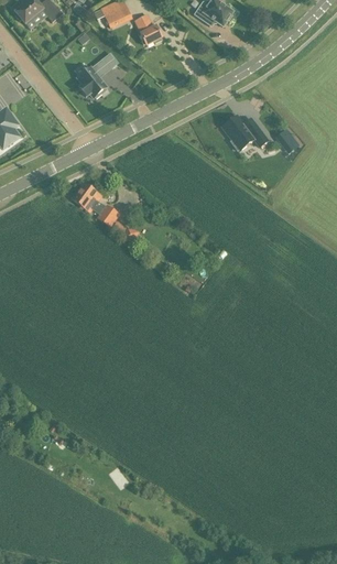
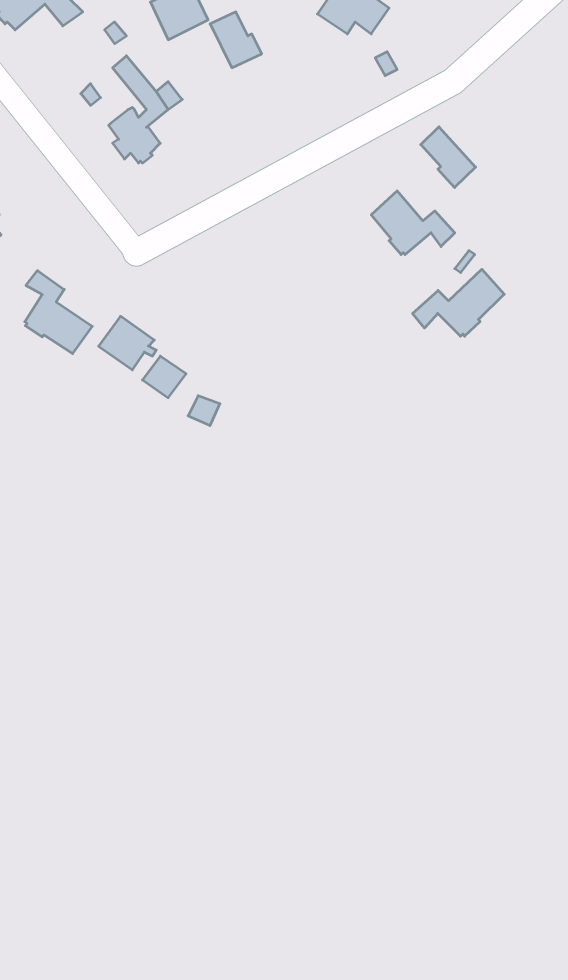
building: none -> [421,127,476,188]
building: none -> [413,269,504,336]
building: none -> [25,271,92,354]

